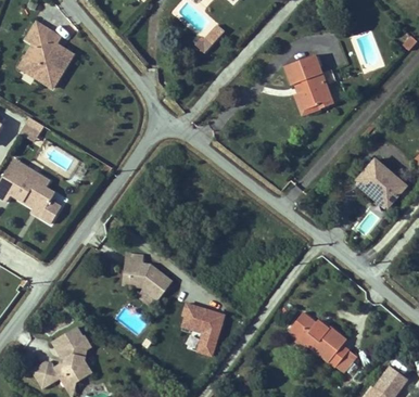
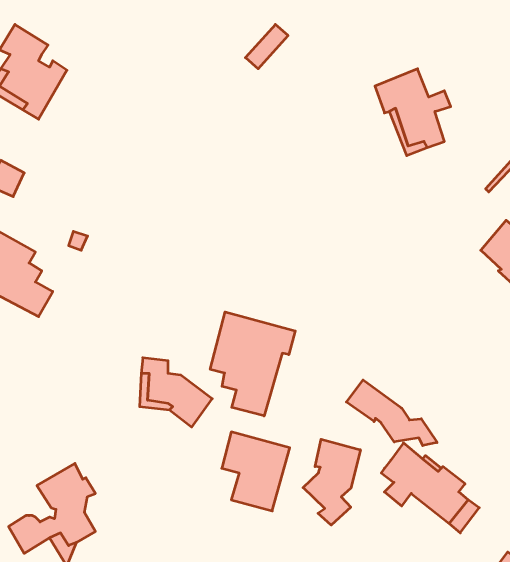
building: none -> [210,312,295,416]
building: none -> [346,380,437,446]
building: none -> [303,439,360,525]

